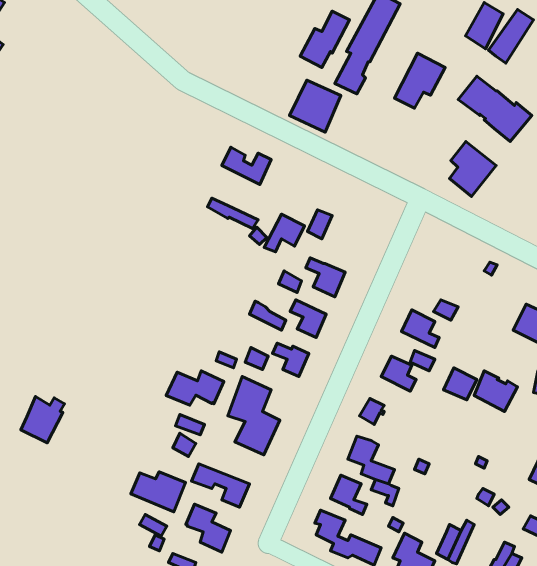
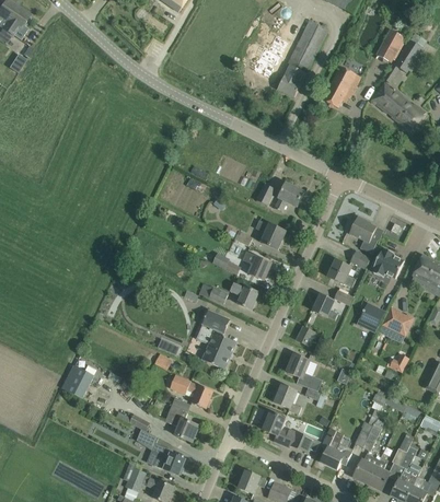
building: [290,80,341,132] -> none
building: [449,141,496,197] -> none
building: [222,147,271,185] -> none
building: [264,214,305,252] -> [273,183,303,211]
building: none -> [349,215,378,253]
building: none -> [371,248,403,278]
building: [166,371,224,405] -> none
building: [21,397,64,443] -> [62,363,95,398]
building: [131,472,186,512] -> none

